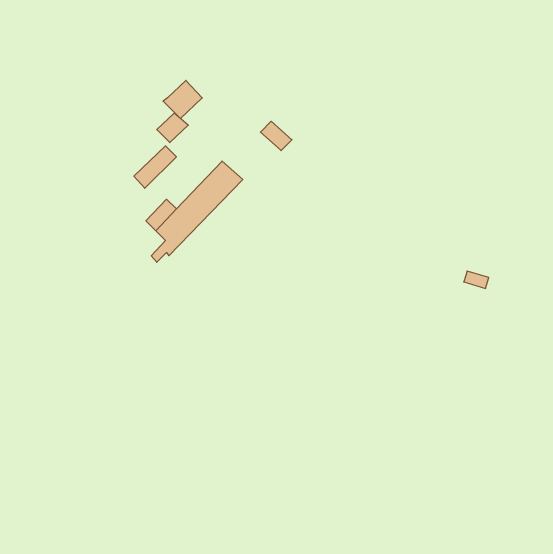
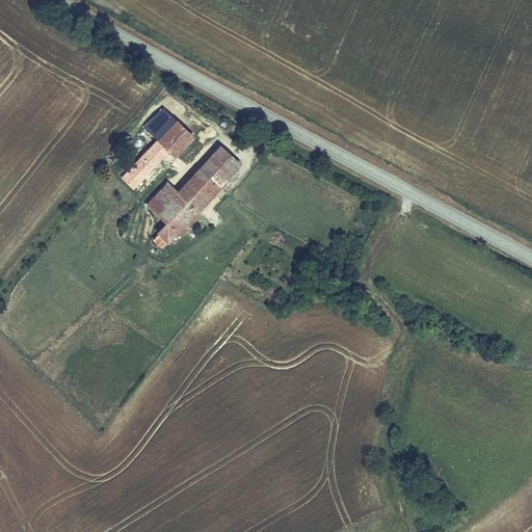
building: [163,80,202,119] -> [158,122,195,158]
building: [260,121,292,151] -> [212,145,242,174]

